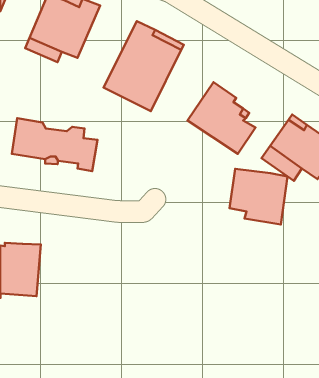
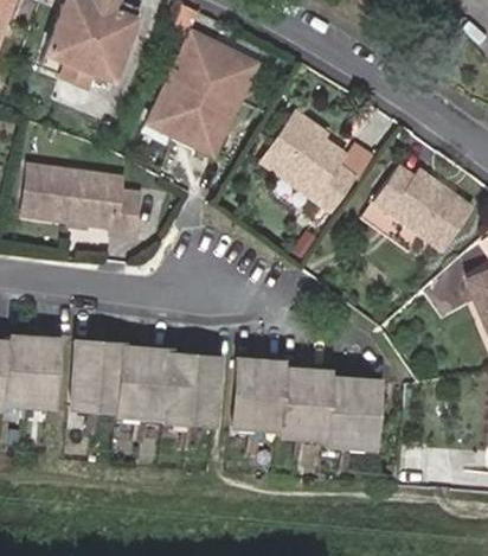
building: [229,169,287,224] -> none
building: none -> [75,339,219,426]
building: none -> [233,360,379,448]

